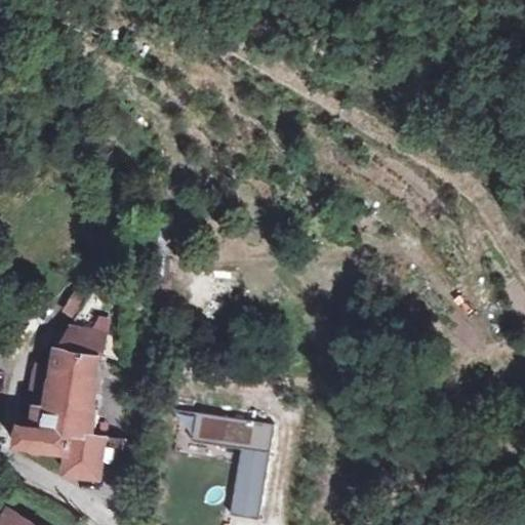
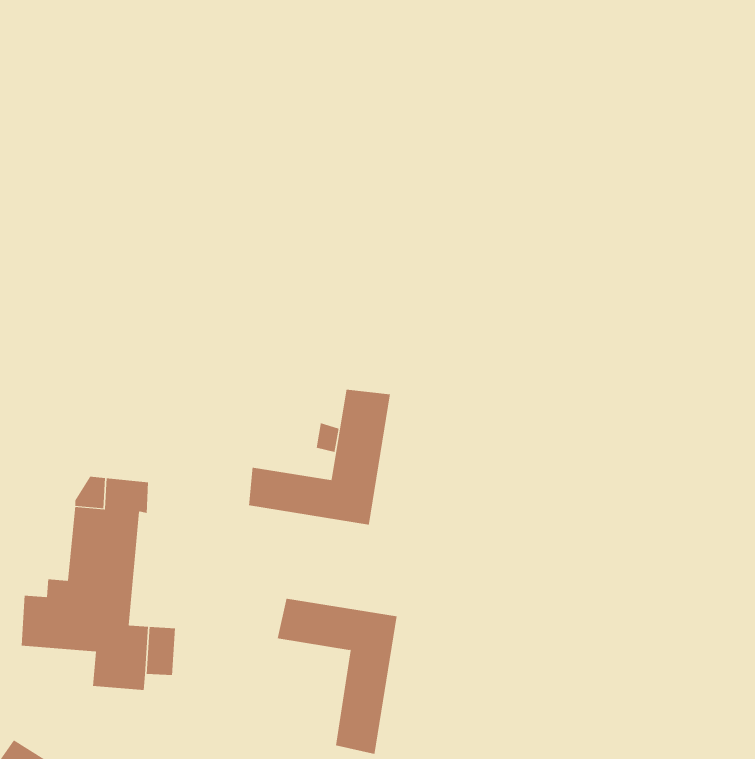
building: none -> [249,389,390,525]

